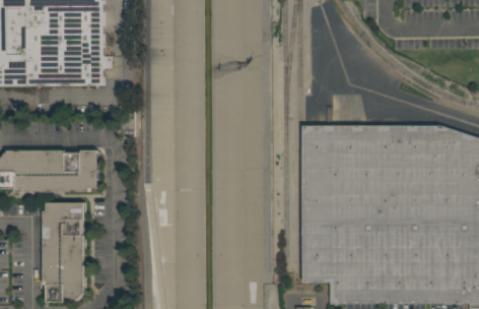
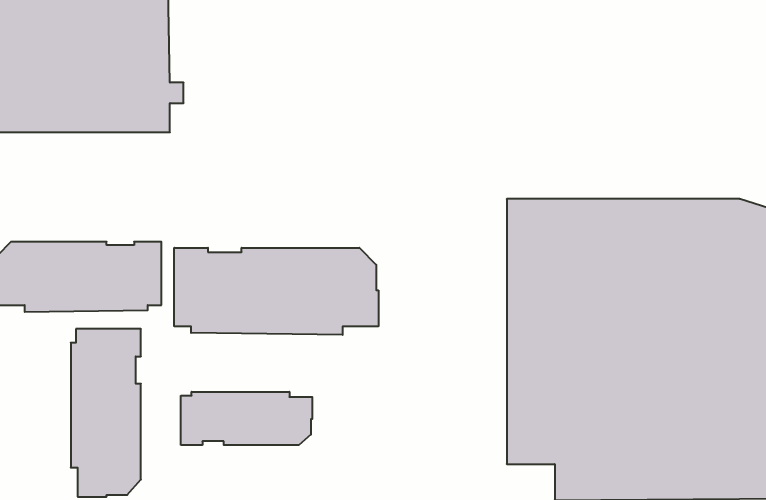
building: none -> [174,248,378,335]
building: none -> [181,392,312,445]

